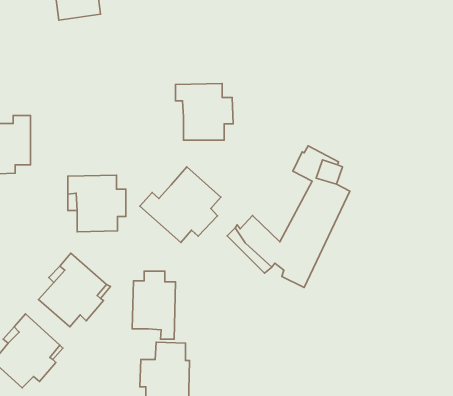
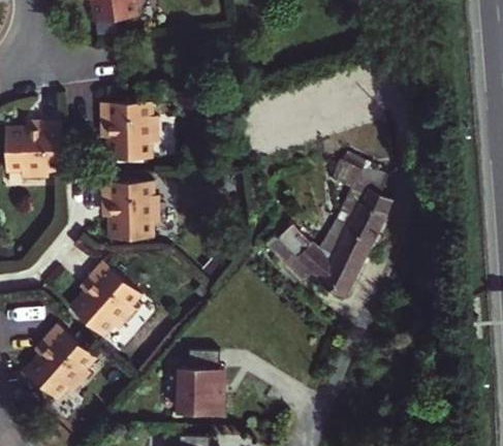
building: [175,83,233,140] -> [102,105,161,163]
building: [140,167,221,242] -> none
building: [132,271,176,339] -> none

